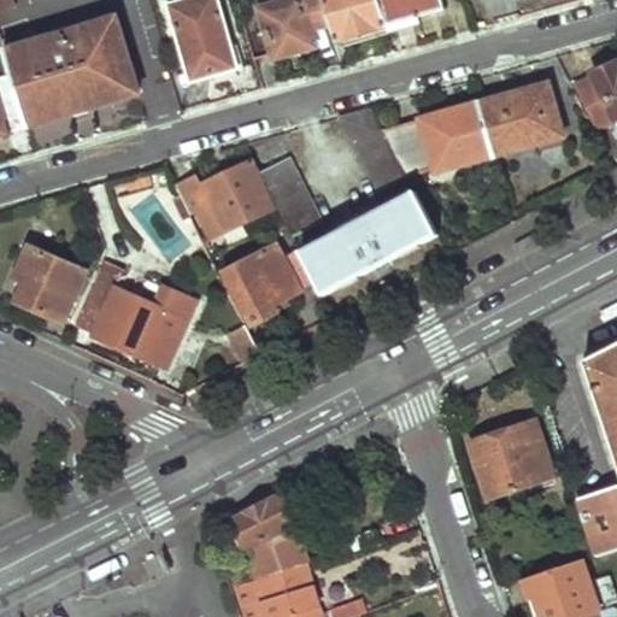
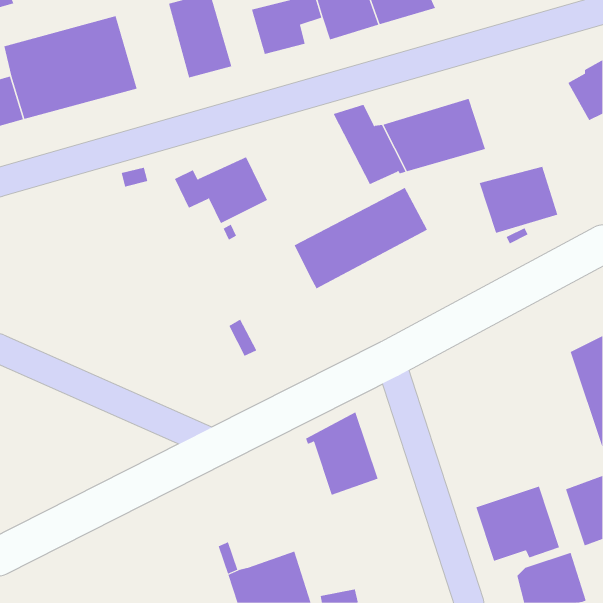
building: [477,83,558,152] -> [479,166,558,234]
building: [258,153,321,234] -> none
building: [225,243,315,321] -> none
building: [13,245,86,322] -> none
building: [76,262,198,366] -> none
building: [469,419,554,496] -> [476,486,560,562]
building: [225,492,300,577] -> [305,411,379,495]

